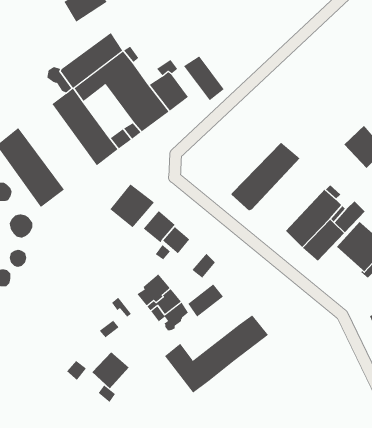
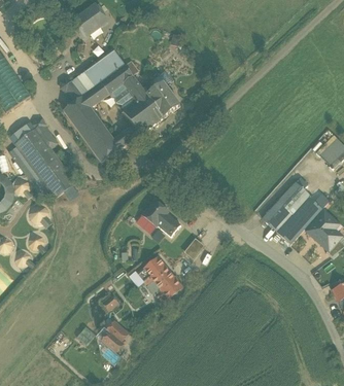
building: [183,55,225,101] -> none
building: [231,142,300,211] -> none
building: [110,183,155,228] -> none
building: [188,284,224,318] -> none
building: [164,314,269,394] -> none

